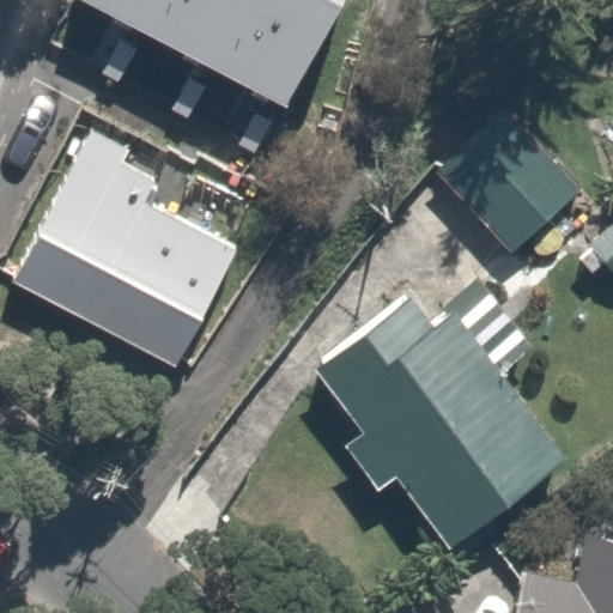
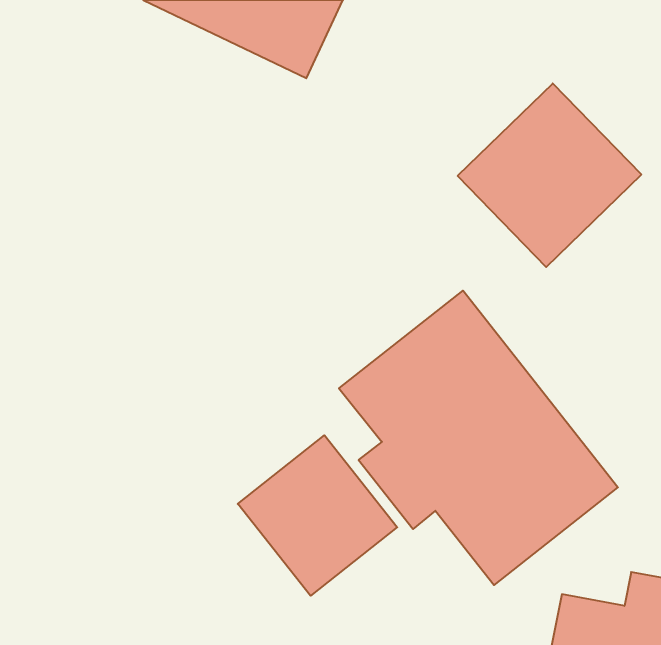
building: [16,139,241,359] -> none
building: none -> [238,435,397,596]

